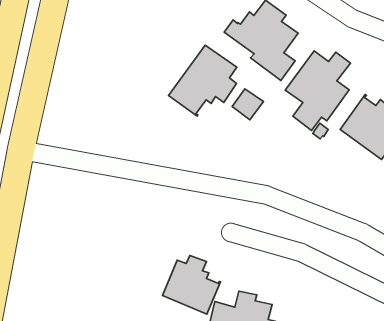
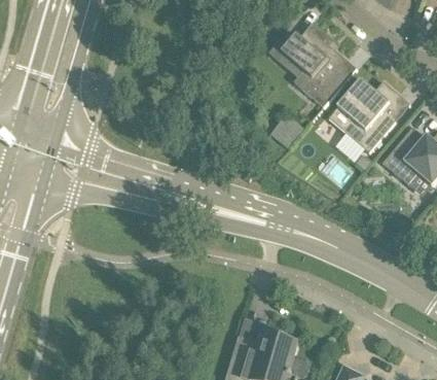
building: [169,45,237,116] -> none
building: [162,255,220,314] -> none

